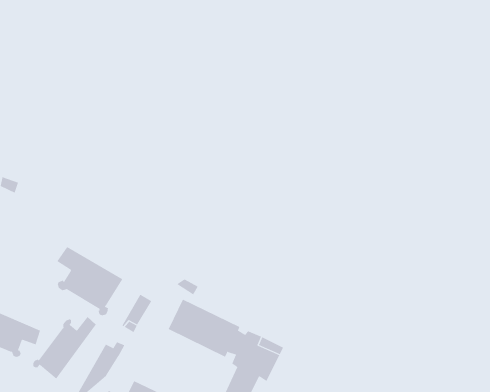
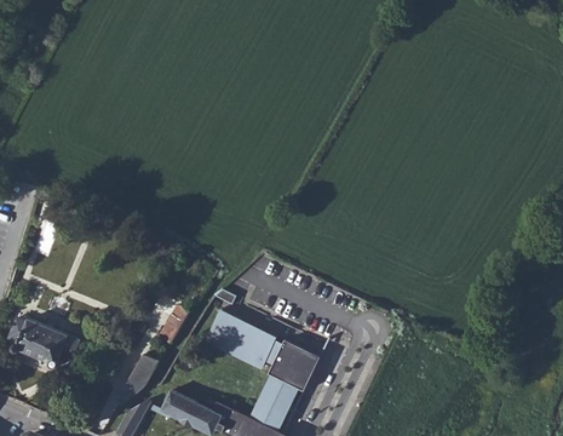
building: [57,246,123,316] -> none
building: [33,316,96,379] -> none

